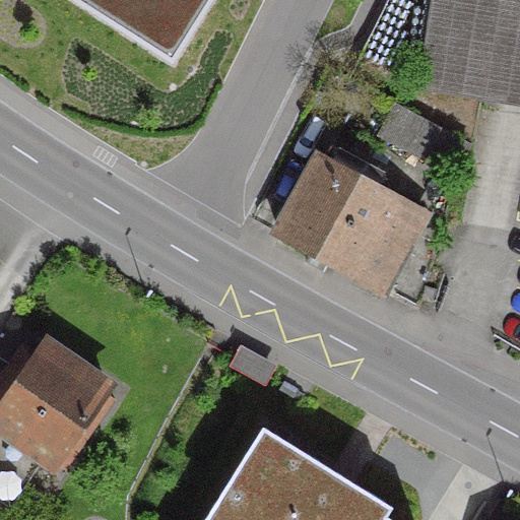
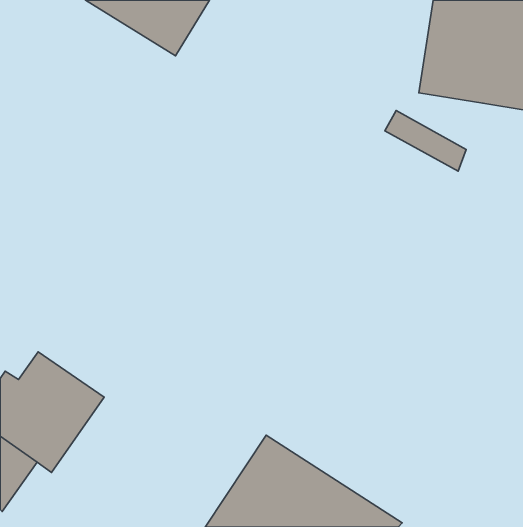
building: [277,149,425,291] -> none

